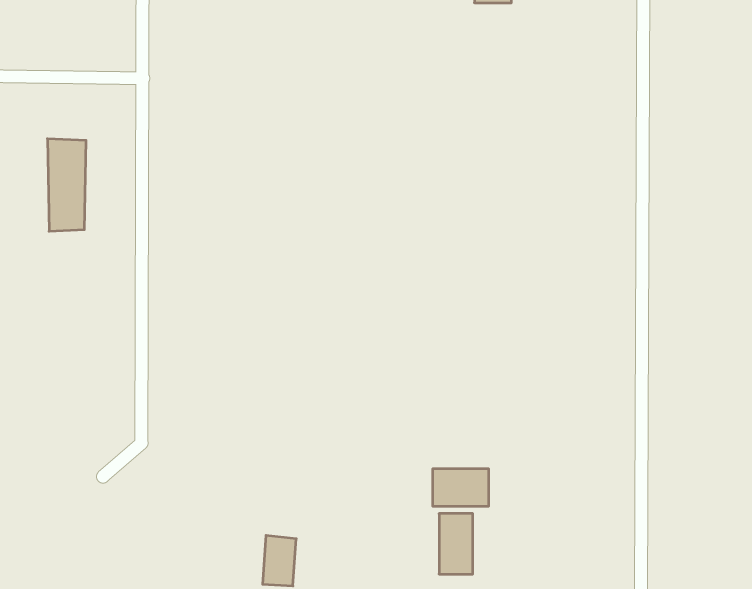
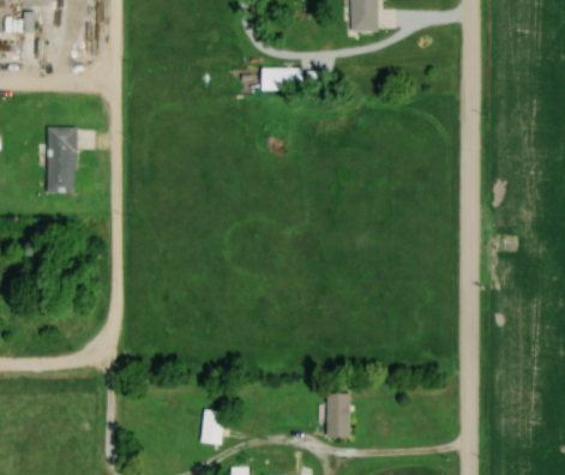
building: none -> [262,68,300,90]
building: [433,469,488,506] -> none

